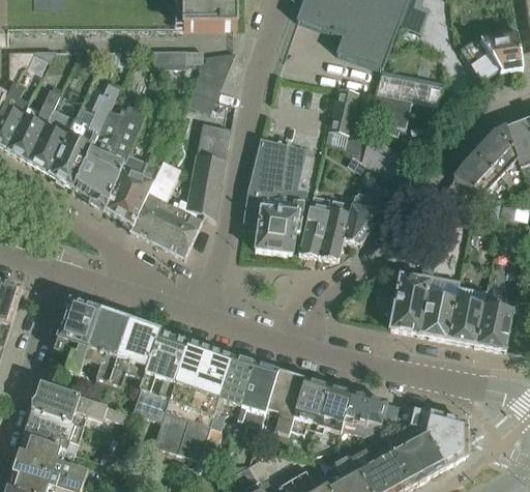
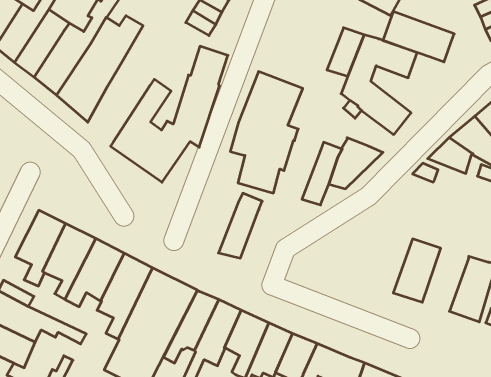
building: [106,152,160,225] -> none
building: [298,193,333,255] -> [218,193,262,258]
building: [384,244,438,332] -> none
building: [448,285,487,343] -> none

